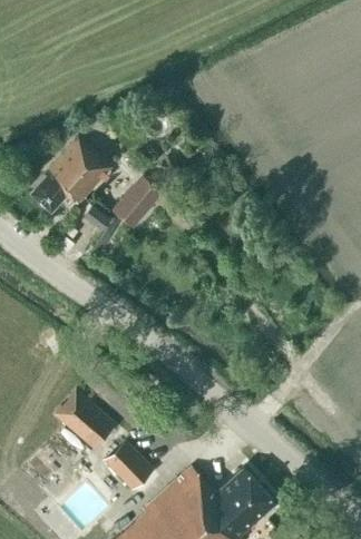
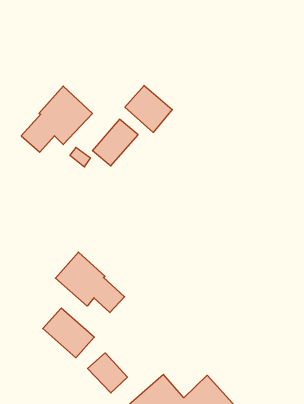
building: none -> [125,85,172,132]
building: none -> [55,252,125,313]

